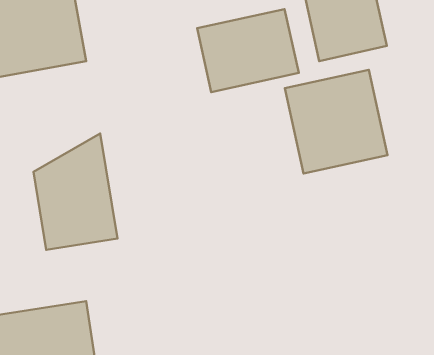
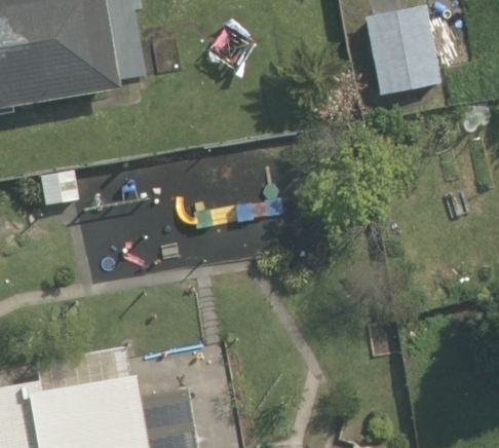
building: [197,9,299,92] -> none
building: [285,70,388,173] -> none

